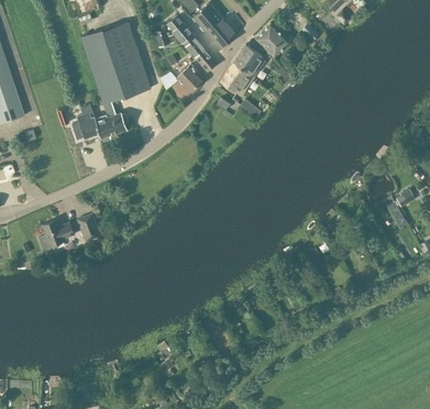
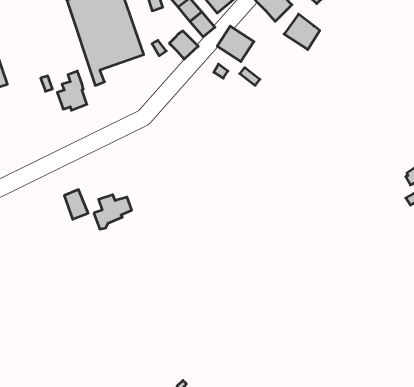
building: [232,43,265,76] -> [284,14,320,50]
building: [95,112,129,143] -> none
building: [38,220,74,252] -> [94,195,132,229]

